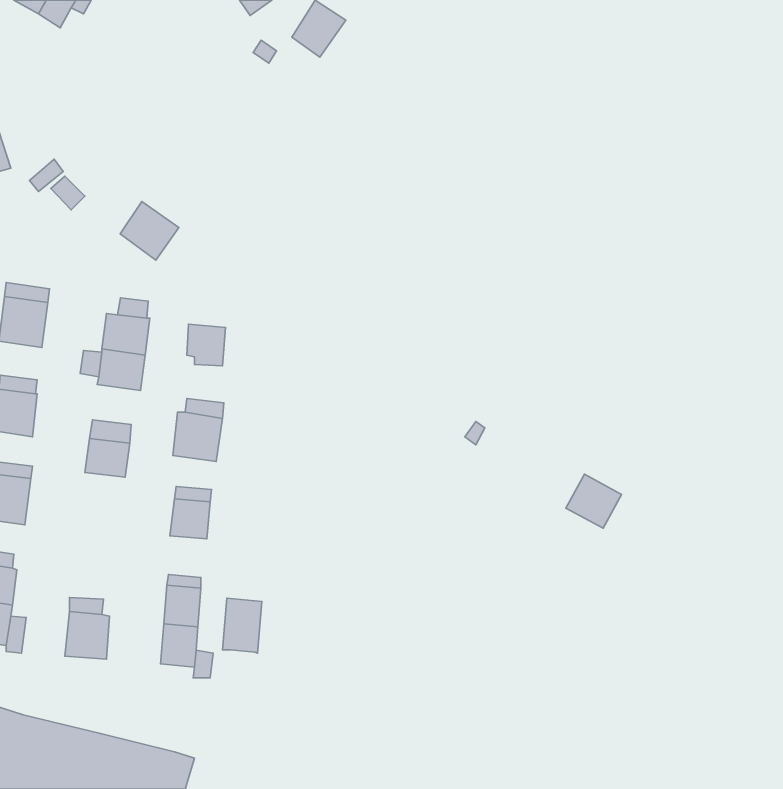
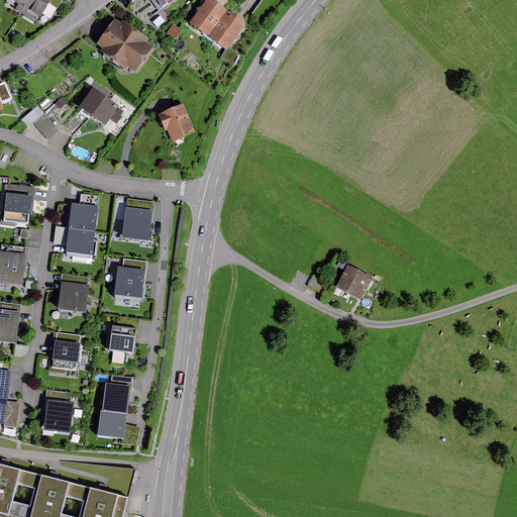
building: none -> [209,13,245,50]
building: none -> [95,24,149,73]
building: none -> [158,105,194,144]
building: [120,201,179,260] -> [78,90,116,128]
building: [566,474,622,528] -> [332,268,369,303]
building: none -> [48,333,79,372]
building: [223,598,262,653] -> none

